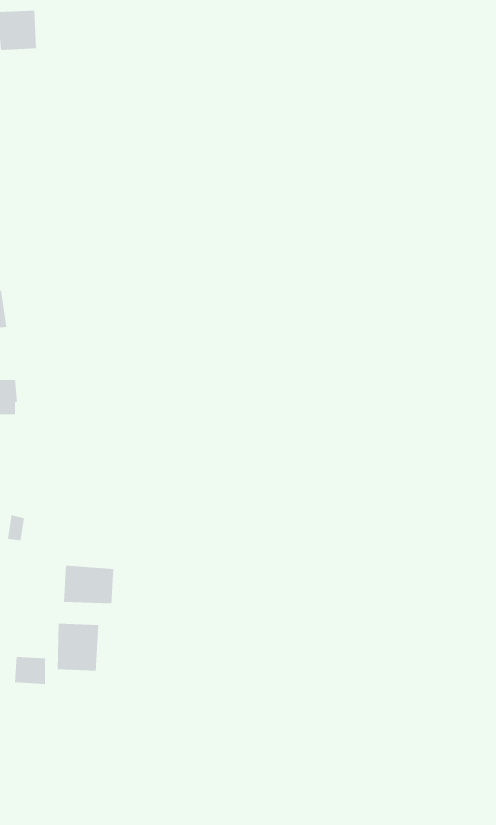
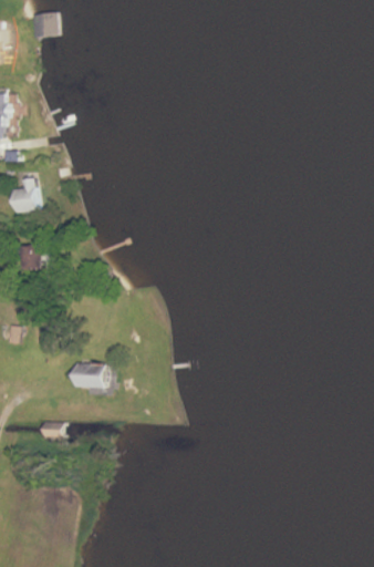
building: [57,623,99,672] -> none

